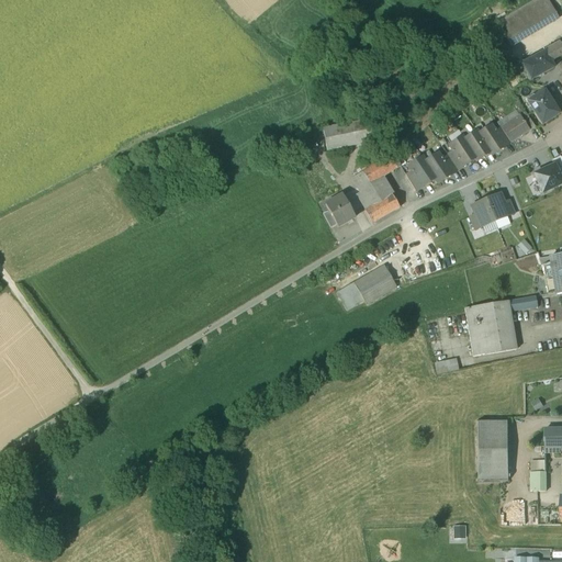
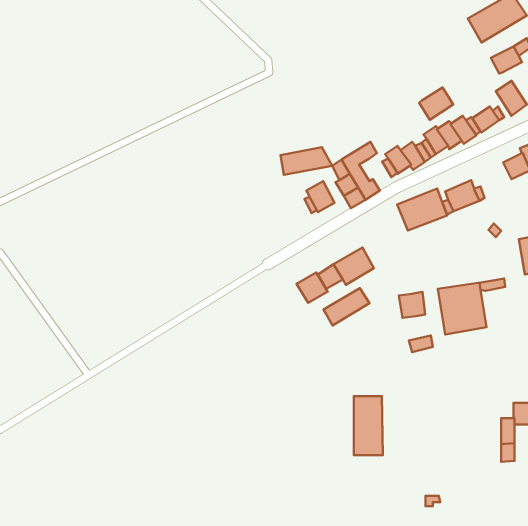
building: none -> [419,87,453,120]
building: [324,119,379,148] -> [281,147,332,175]
building: none -> [397,189,447,230]
building: none -> [297,273,328,303]
building: none -> [324,288,369,325]
building: none -> [399,292,425,318]
building: [479,417,509,480] -> [354,396,383,455]

